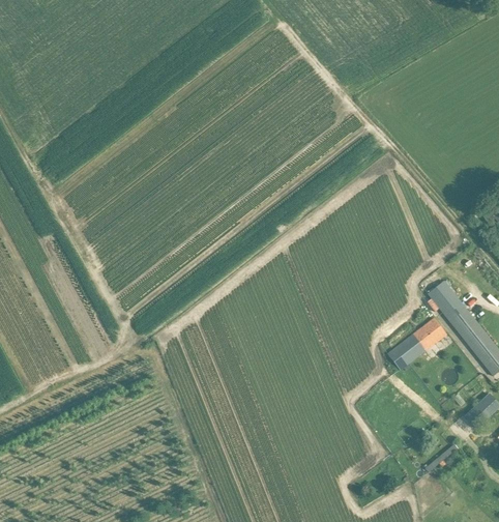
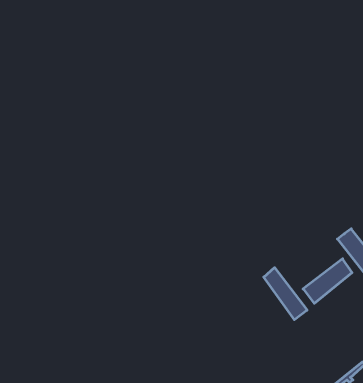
building: none -> [264,268,307,320]

